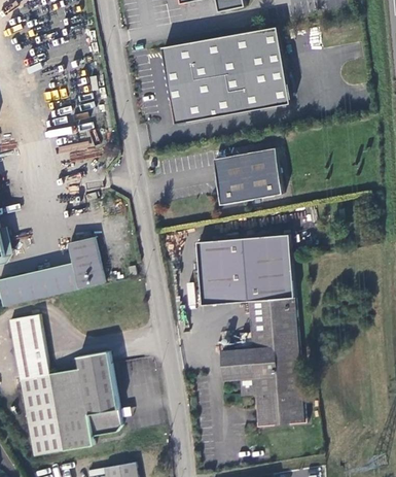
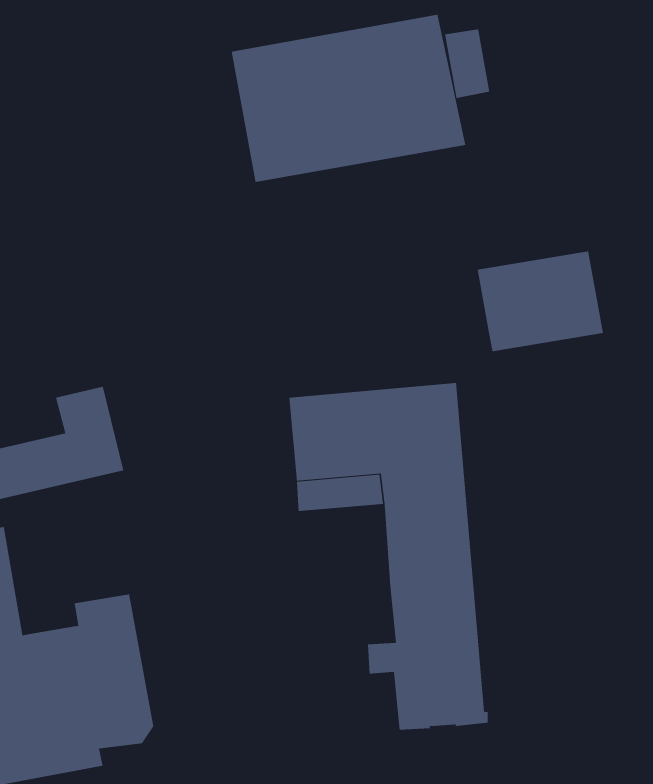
building: none -> [445,29,490,99]
building: [212,147,282,203] -> [477,251,604,352]
building: [219,346,253,380] -> none

